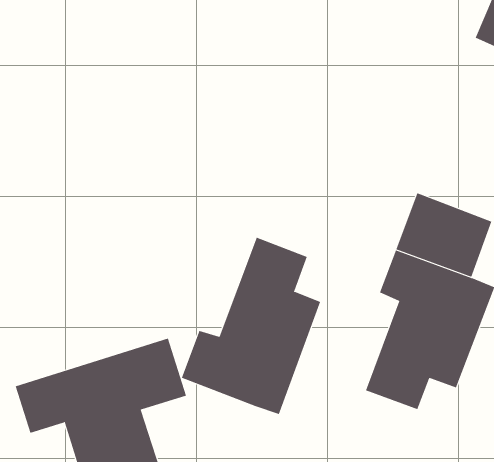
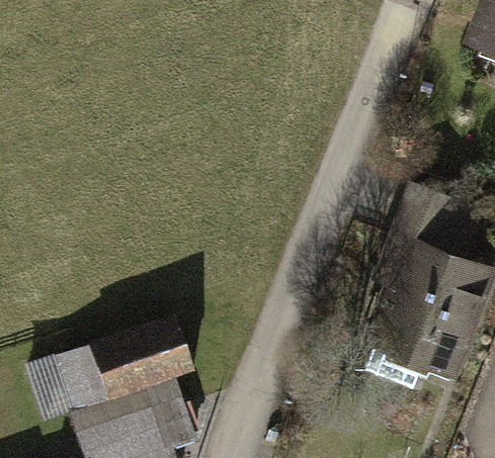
building: [181,237,321,415] -> none

